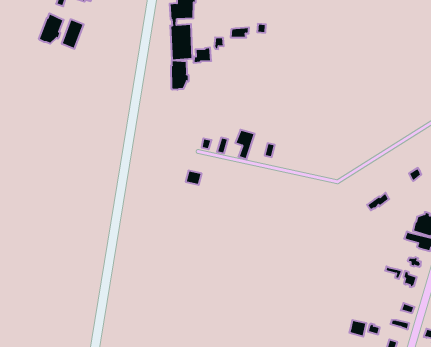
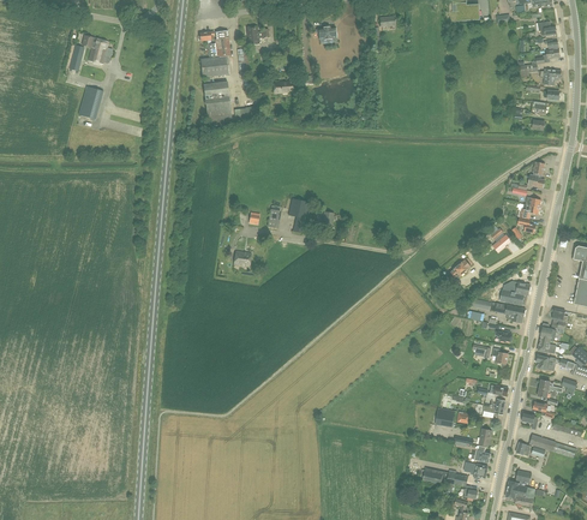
building: [39,13,64,44] -> none
building: [171,60,189,90] -> none

